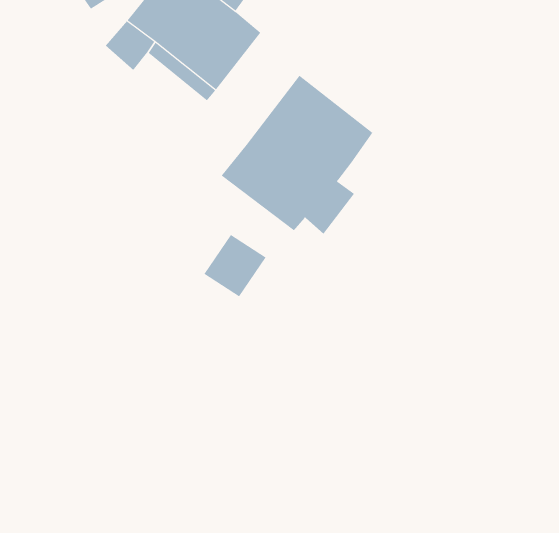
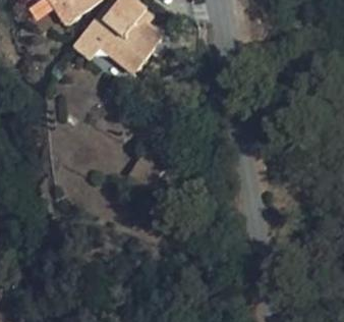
building: [221,75,373,235] -> none

